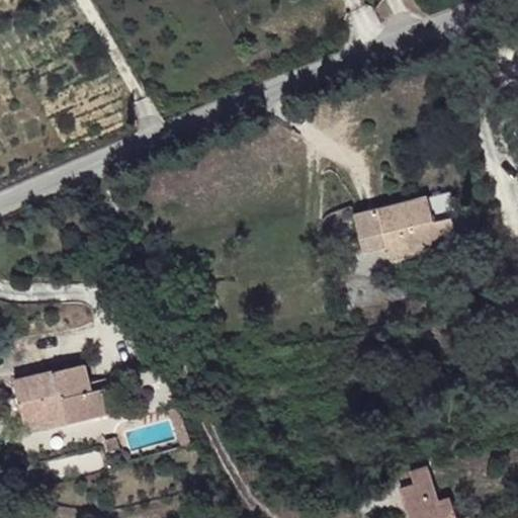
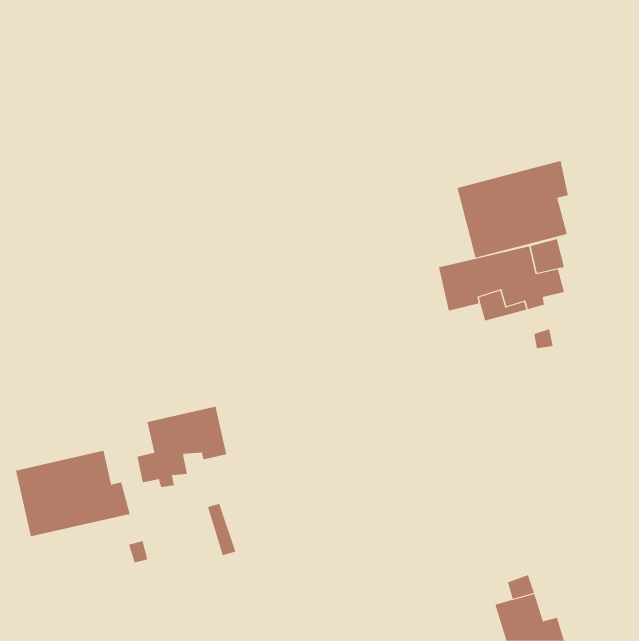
building: none -> [457,160,568,259]
building: none -> [137,406,227,488]

